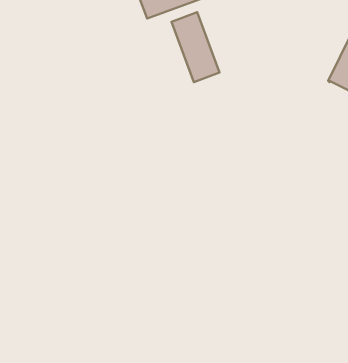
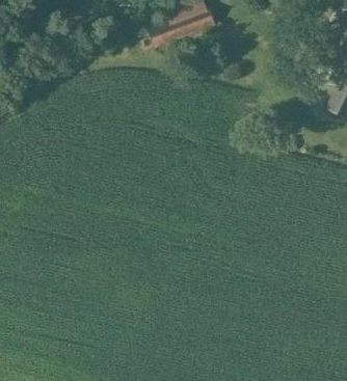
building: [171,12,220,82] -> none

